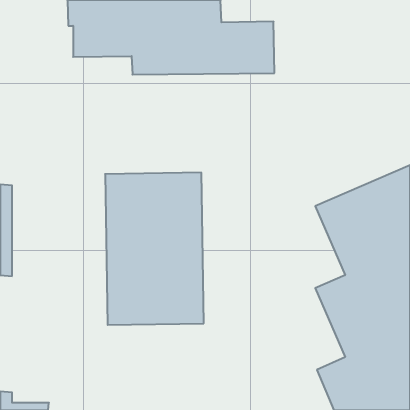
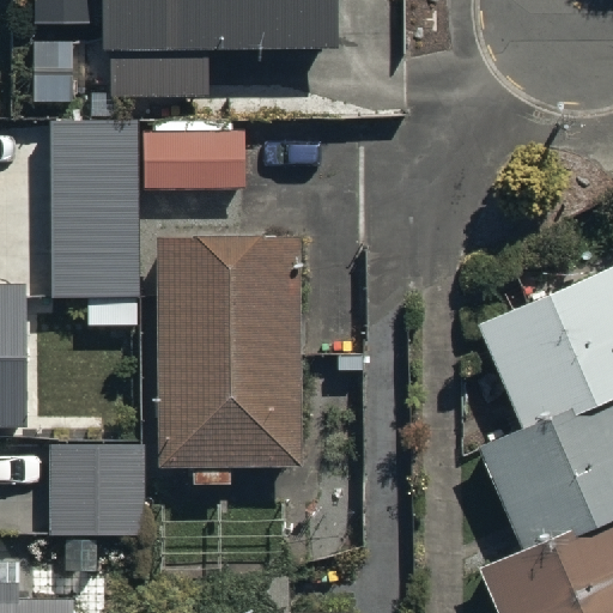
building: none -> [49,107,241,324]
building: none -> [49,445,142,535]

